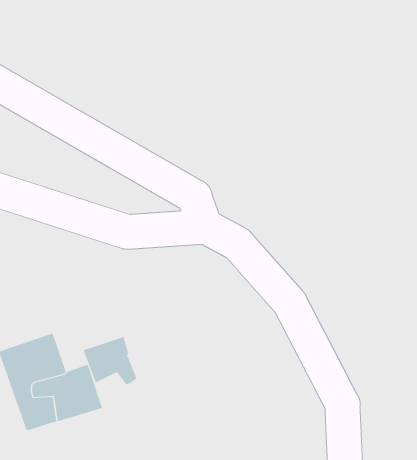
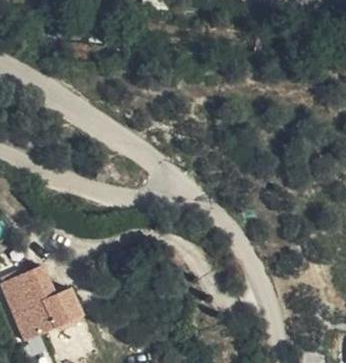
building: [83,336,137,385] -> none

